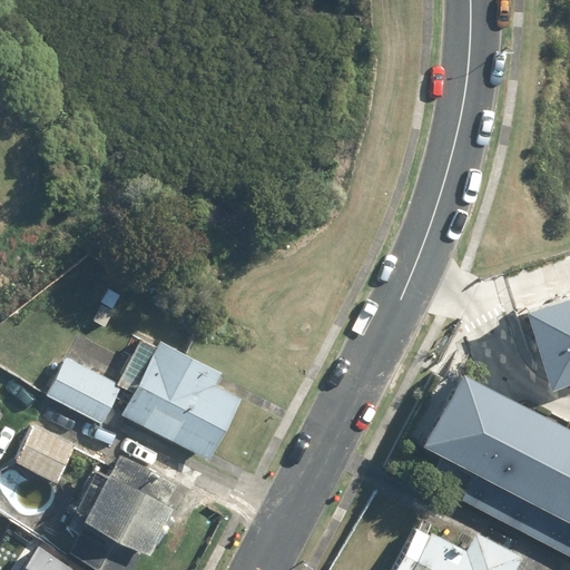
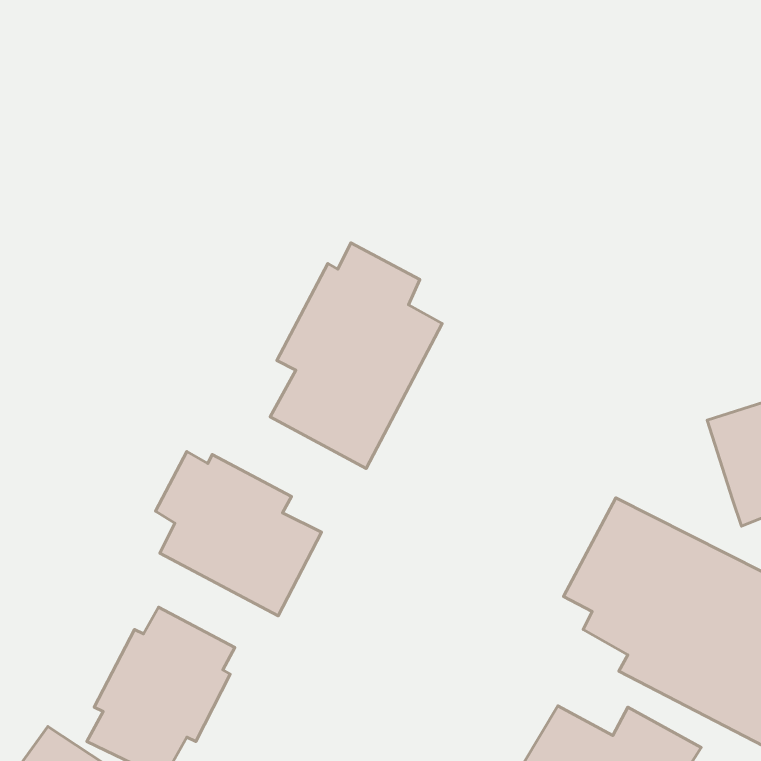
building: none -> [270,243,442,468]
building: [46,357,120,424] -> none
building: [14,424,75,482] -> none

